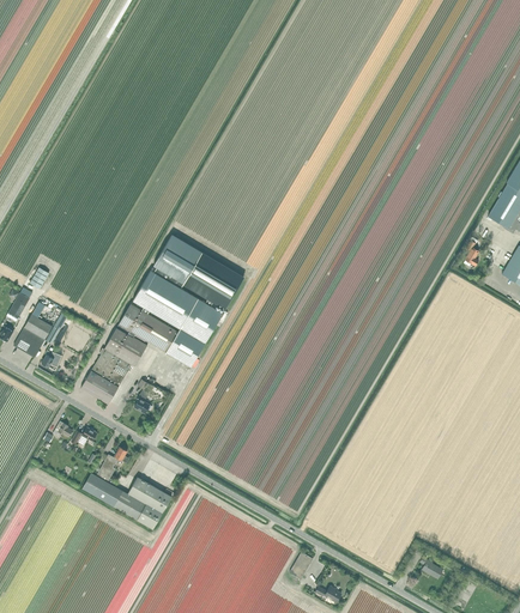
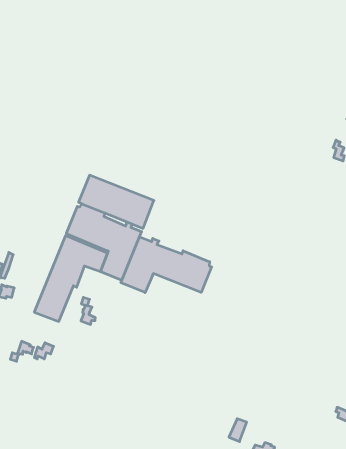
building: none -> [121,237,212,293]
building: [83,447,171,528] -> none

